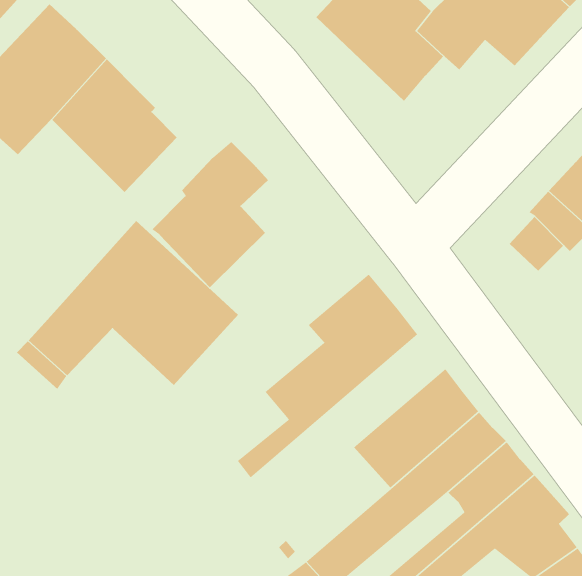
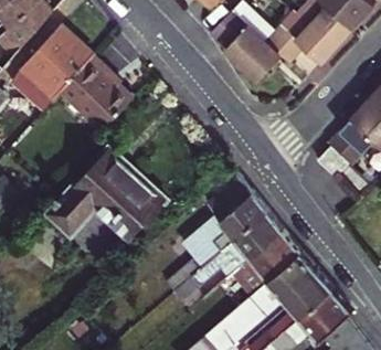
building: [151,141,269,288] -> none
building: none -> [172,211,283,301]

